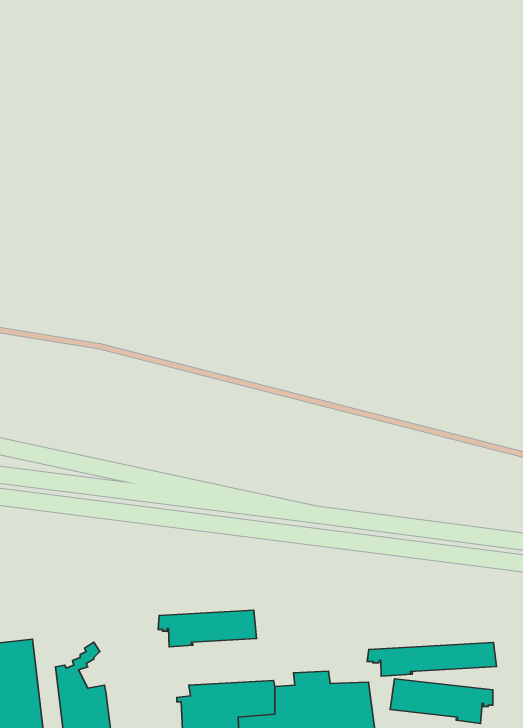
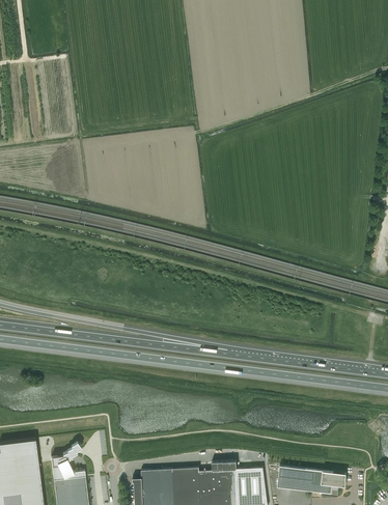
building: [158,610,257,647] -> none
building: [367,643,496,676] -> none

